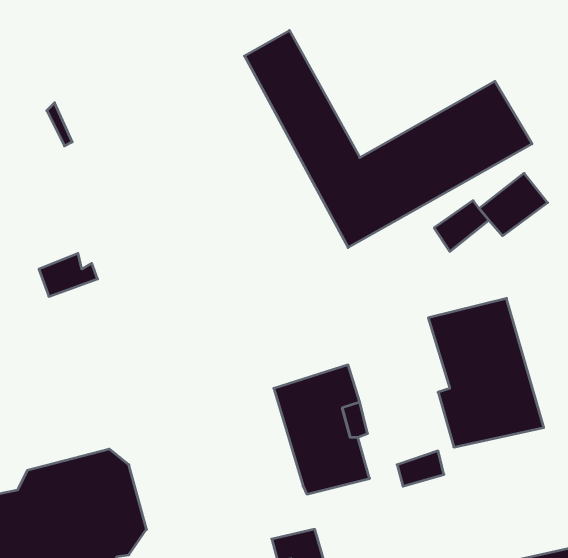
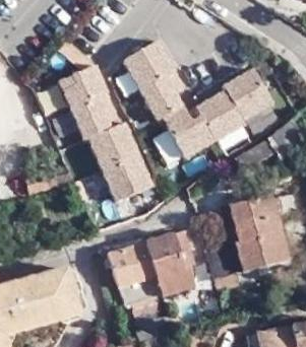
building: none -> [66,78,152,210]
building: none -> [105,236,160,297]

